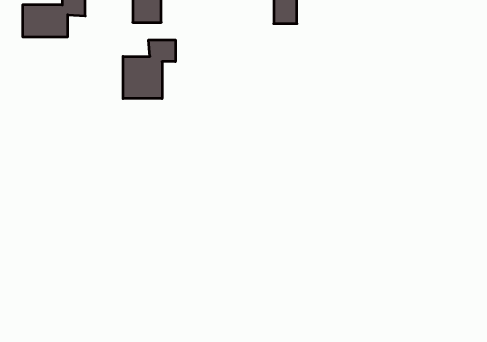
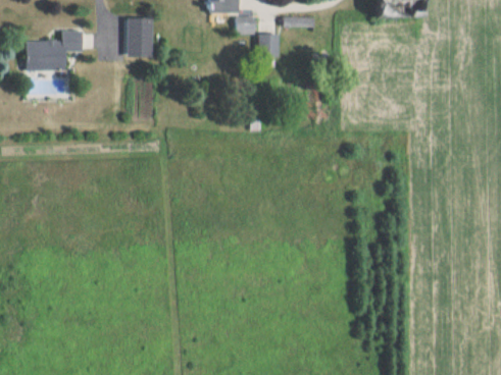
building: [123,40,175,99] -> none

